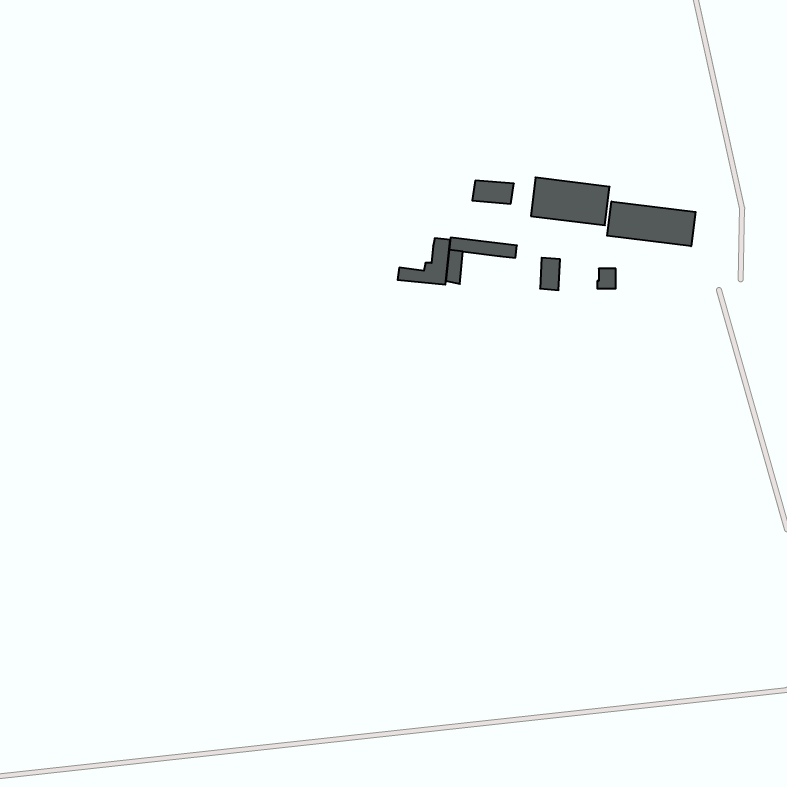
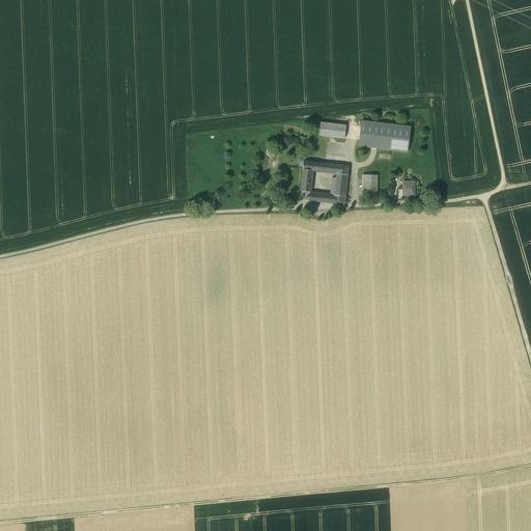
building: [607,201,696,246] -> none
building: [398,238,450,285] -> [311,172,346,203]

